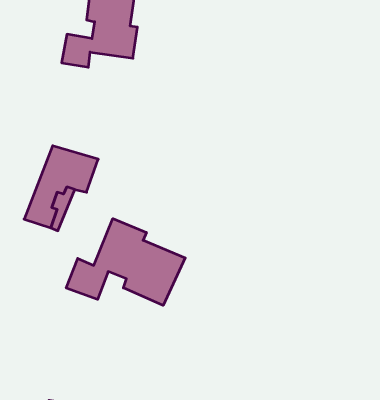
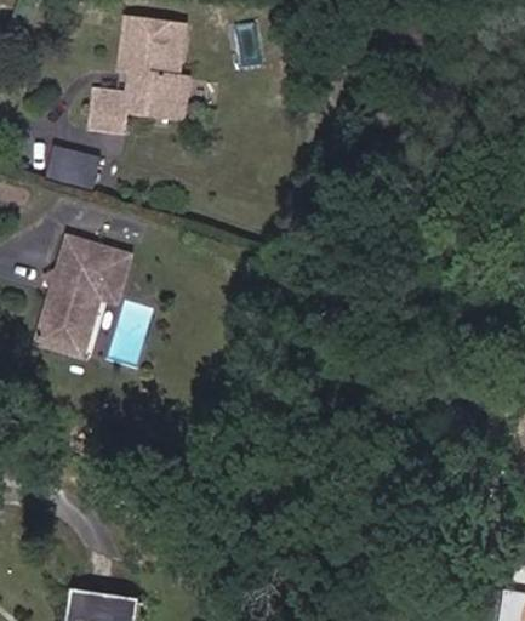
building: none -> [48,146,103,186]
building: [66,219,185,305] -> none

